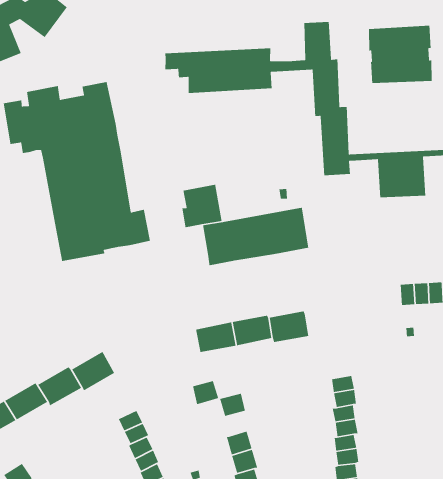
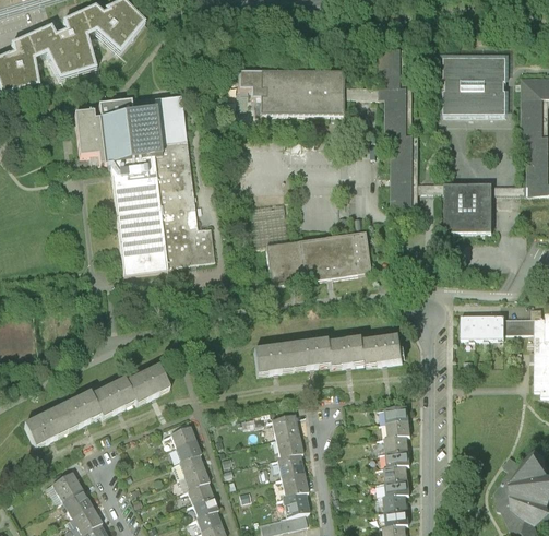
building: none -> [363,335,403,365]
building: [192,380,219,405] -> [276,433,302,457]

